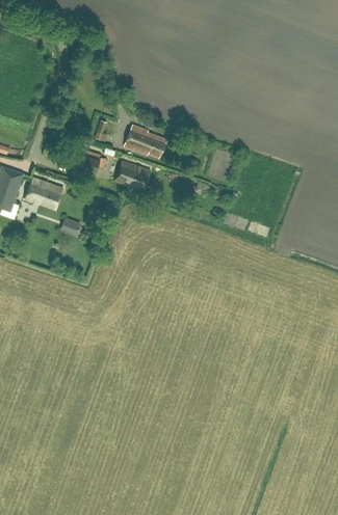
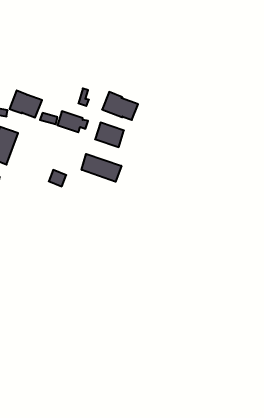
building: [25,178,63,210] -> [10,90,42,118]
building: none -> [82,154,121,182]

